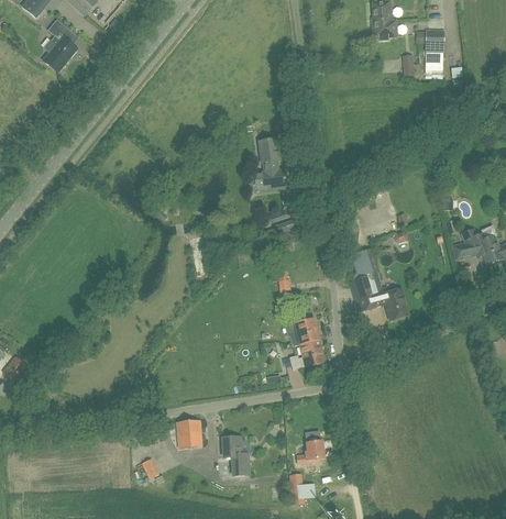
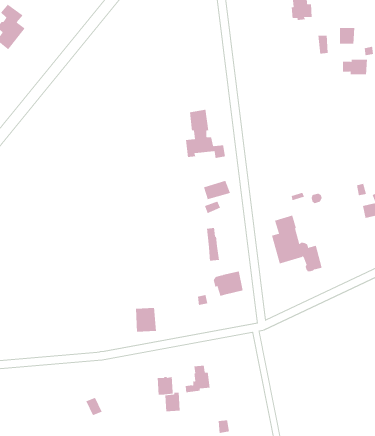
building: [416,29,444,46] -> [342,59,368,75]
building: [289,340,325,369] -> none
building: [177,420,201,448] -> [135,307,157,332]
building: [296,432,325,463] -> [185,365,210,393]

